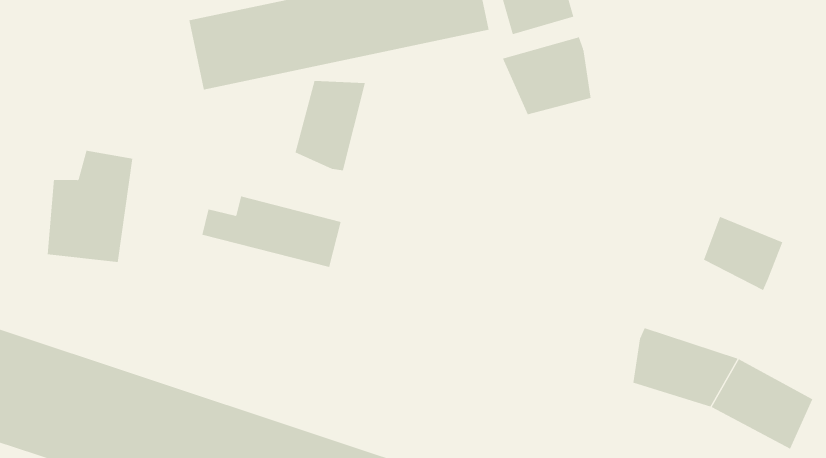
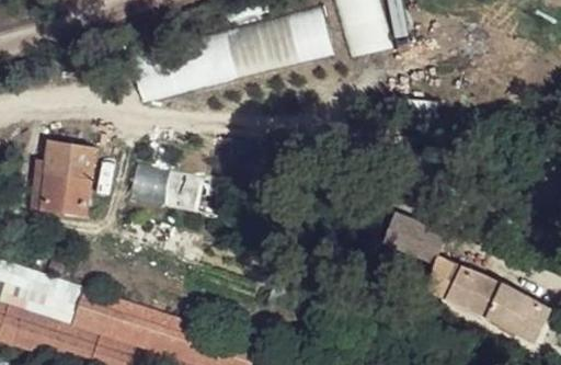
building: [502,37,591,115] -> none
building: [295,80,365,171] -> none
building: [703,216,783,291] -> [390,216,444,266]

